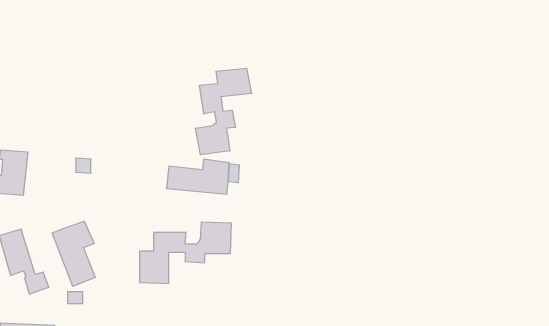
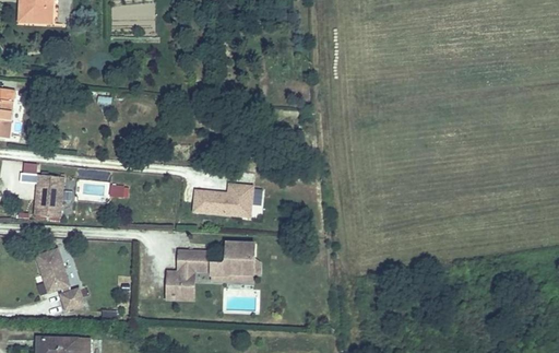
building: [195,68,251,155] -> none
building: [52,221,95,286] -> none

